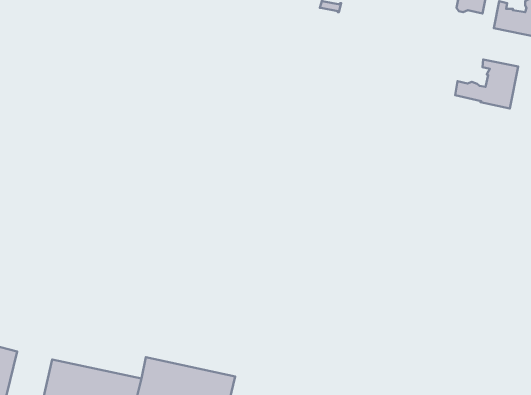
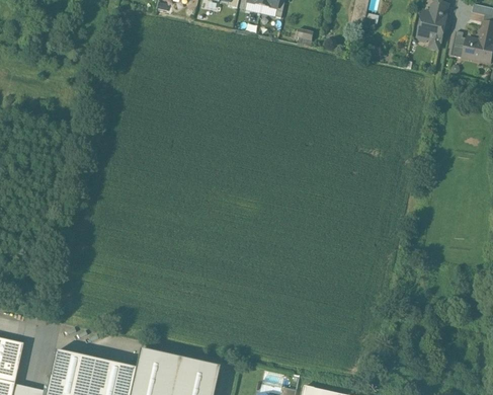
building: [455,59,518,108] -> none

